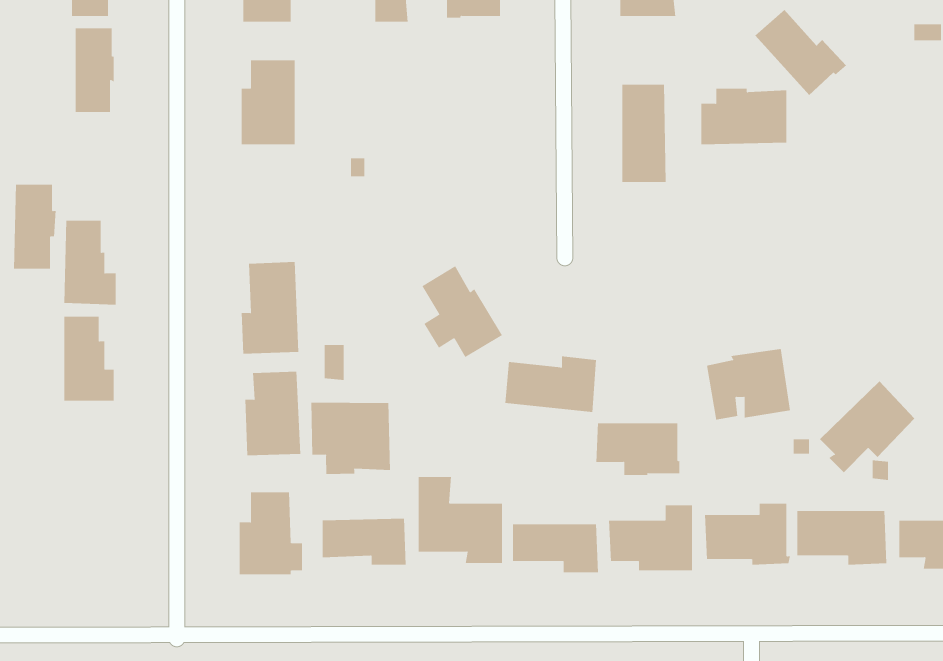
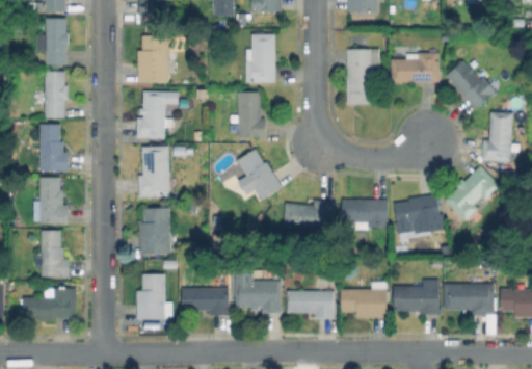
building: [754,9,847,96] -> [446,61,497,109]
building: none -> [245,34,275,83]
building: none -> [136,93,177,140]
building: none -> [237,93,265,139]
building: [13,184,57,269] -> [44,72,68,118]
building: none -> [481,112,512,162]
building: [819,381,915,473] -> [447,166,500,217]
building: [311,402,390,475] -> none
building: none -> [34,231,69,276]
building: [595,423,680,476] -> [341,201,388,230]
building: none -> [22,289,75,321]

